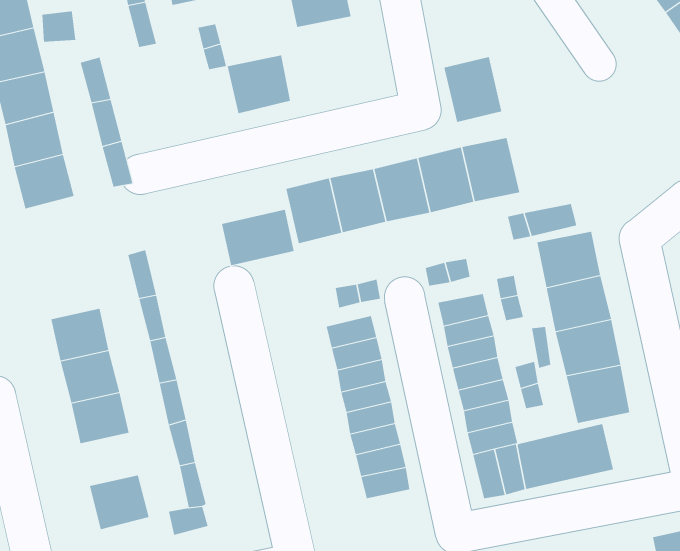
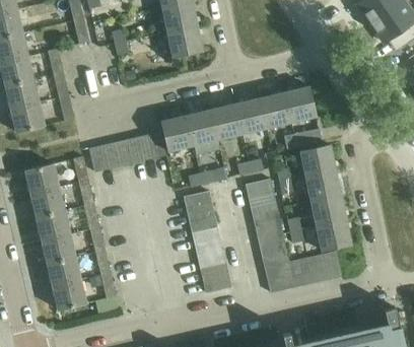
building: [227,55,291,114] -> [166,25,202,58]
building: [444,56,502,122] -> [283,86,316,123]
building: none -> [88,140,130,172]
building: none -> [24,162,58,193]
building: none -> [47,256,79,285]

